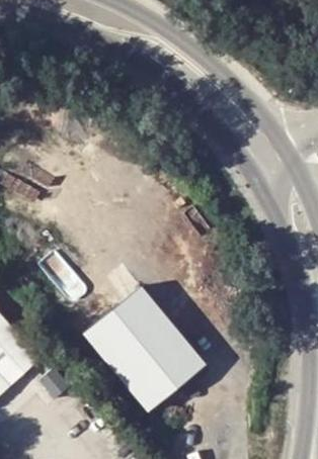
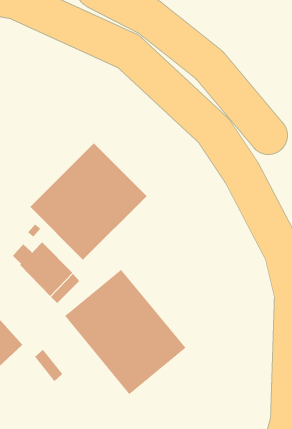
building: none -> [29,142,147,261]

